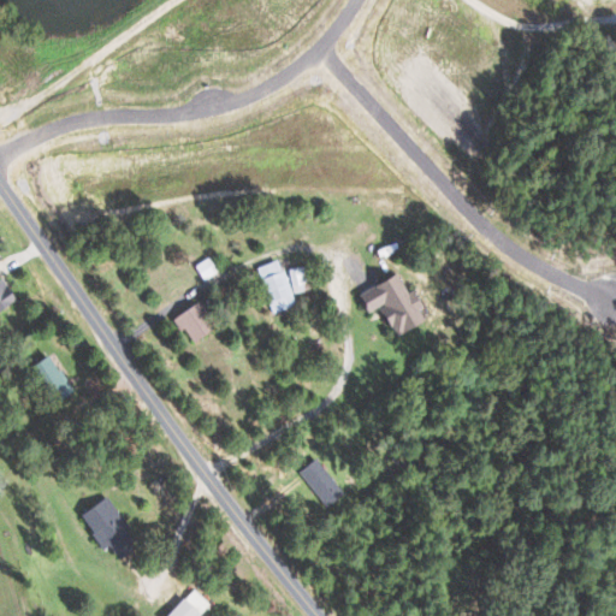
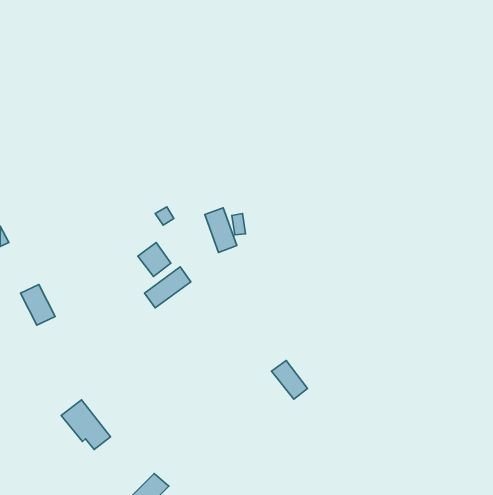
building: [357,273,426,334] -> none
building: none -> [144,267,191,308]
building: [301,458,345,507] -> [271,360,307,399]

